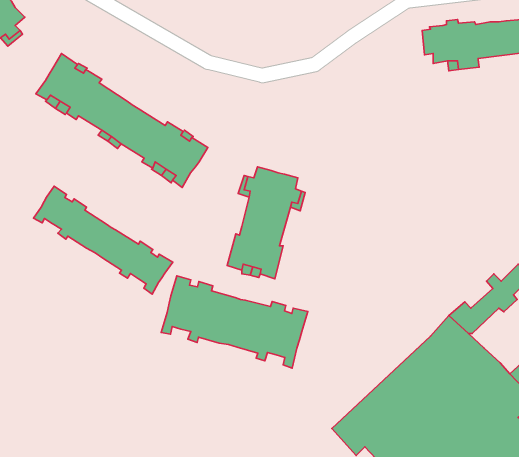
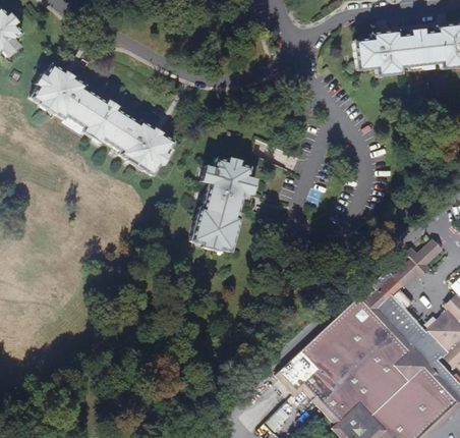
building: [33,186,173,294] -> none
building: [161,276,308,368] -> none

